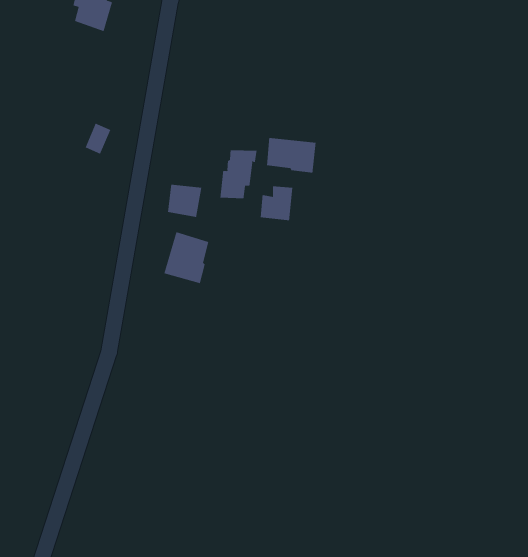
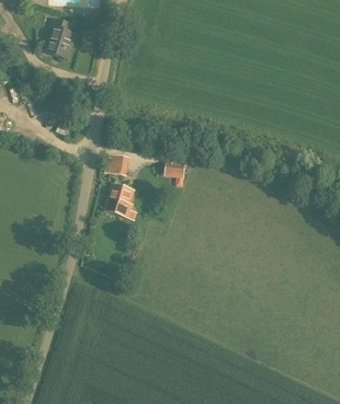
building: [267,137,316,173] -> none
building: [220,150,257,199] -> none

